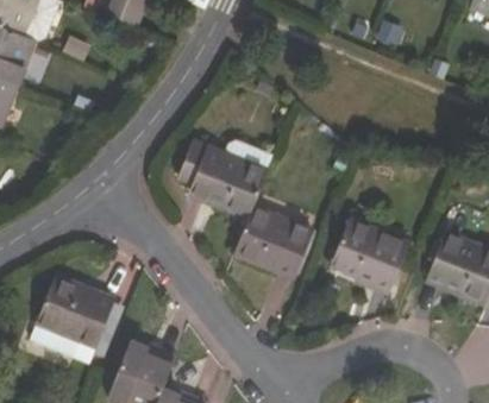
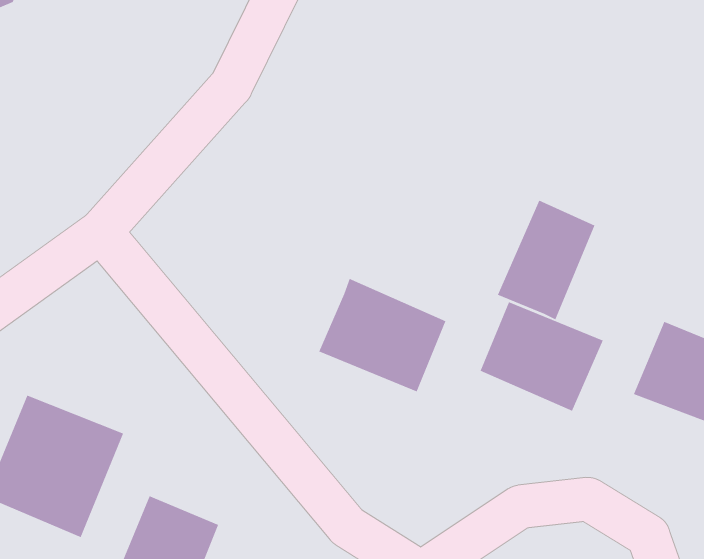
building: [178,140,275,215] -> none
building: none -> [497,200,596,321]

